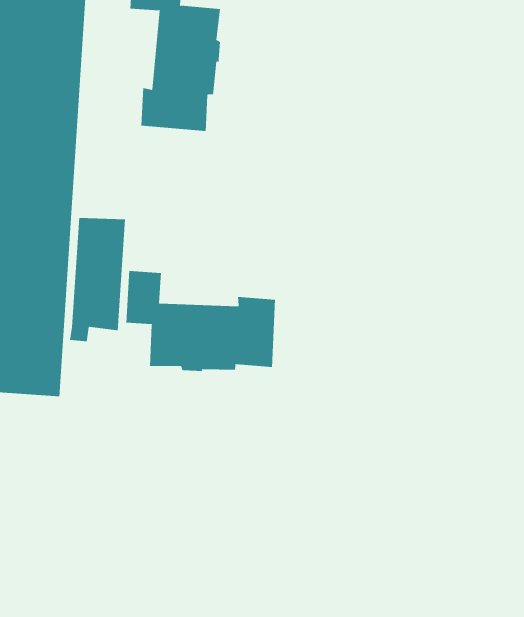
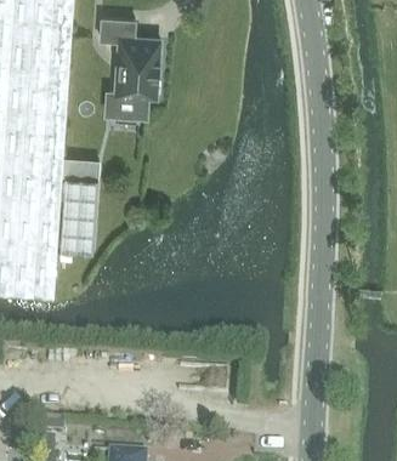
building: [126,270,276,372] -> none

